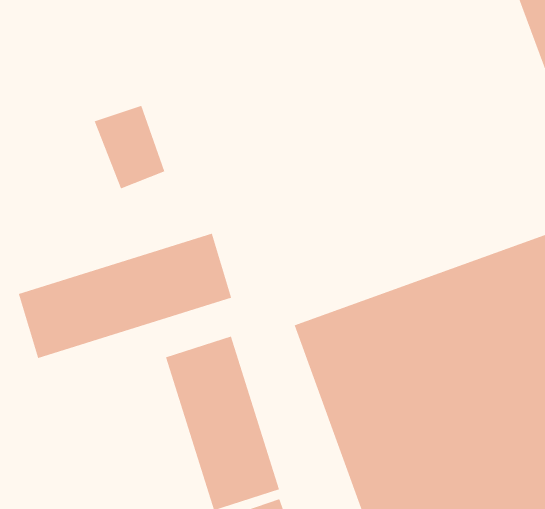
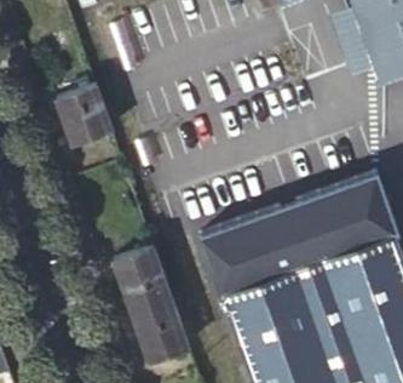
building: [18,233,232,359] -> none

